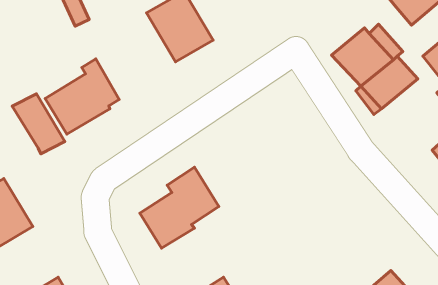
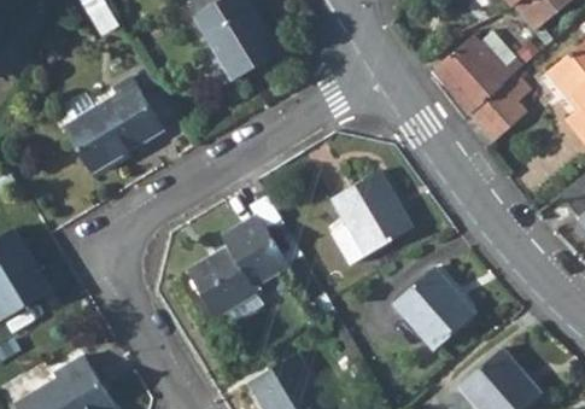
building: [12,94,65,154] -> none
building: none -> [333,169,414,264]
building: none -> [396,265,479,347]

